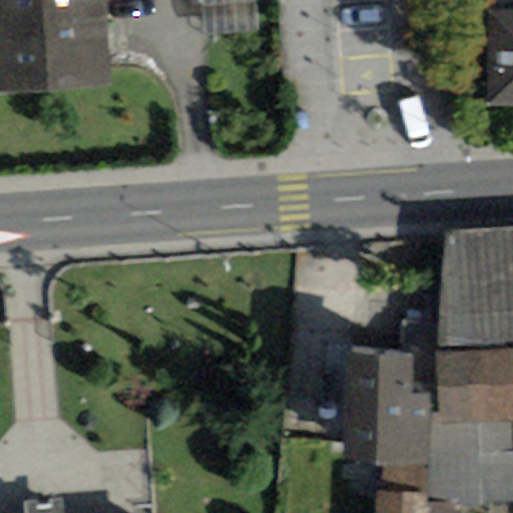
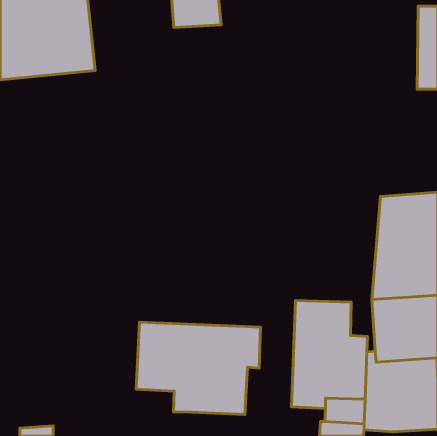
building: none -> [136,322,261,415]

